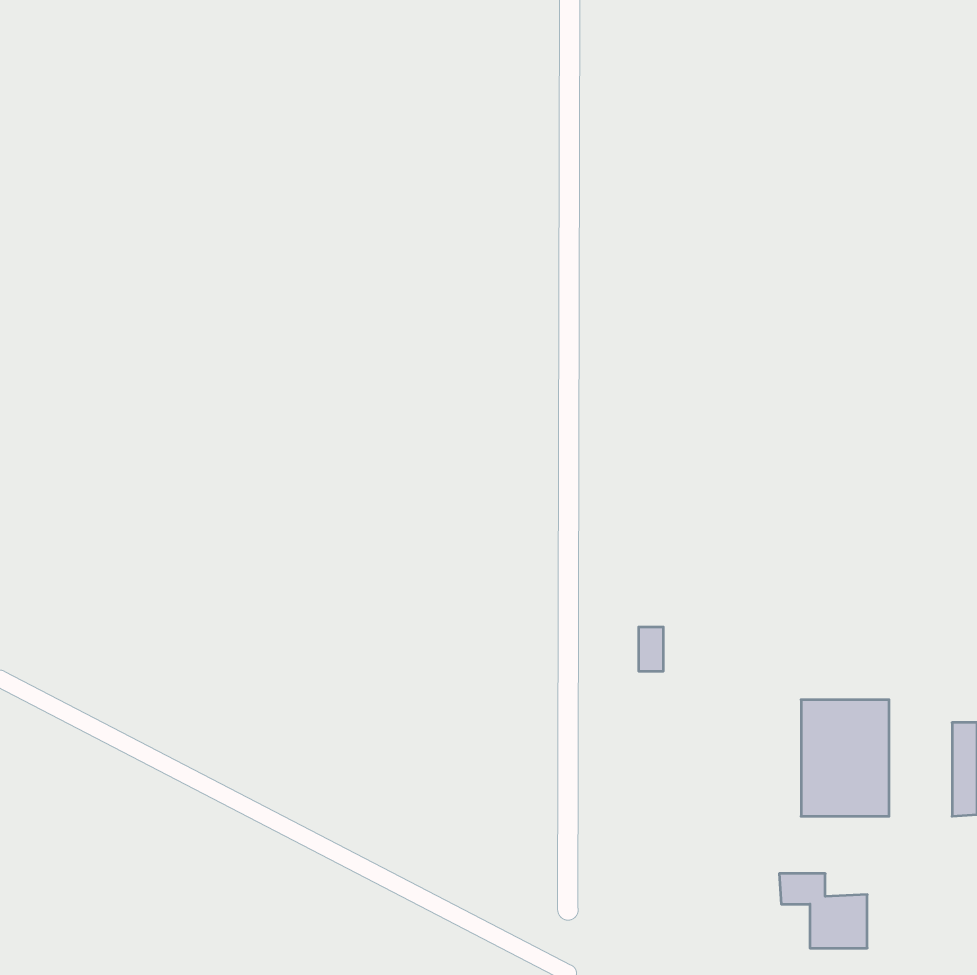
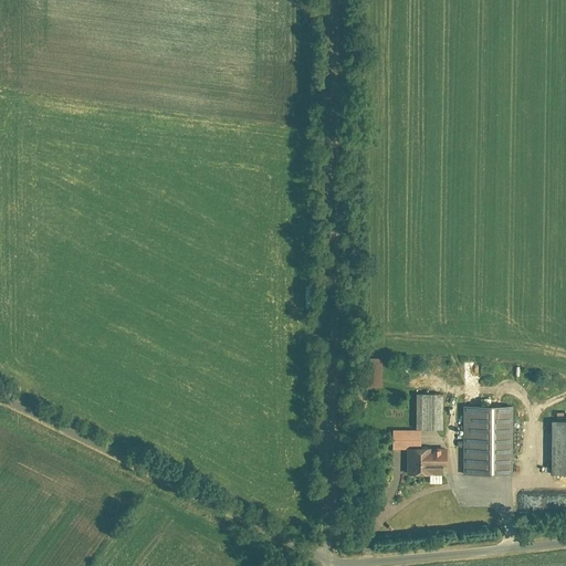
building: none -> [415,392,441,428]
building: [779,874,867,948] -> [392,432,443,475]

